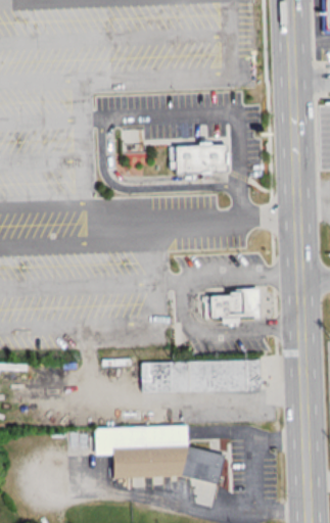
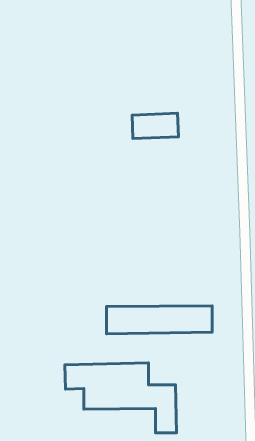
building: [205,287,255,318] -> none

